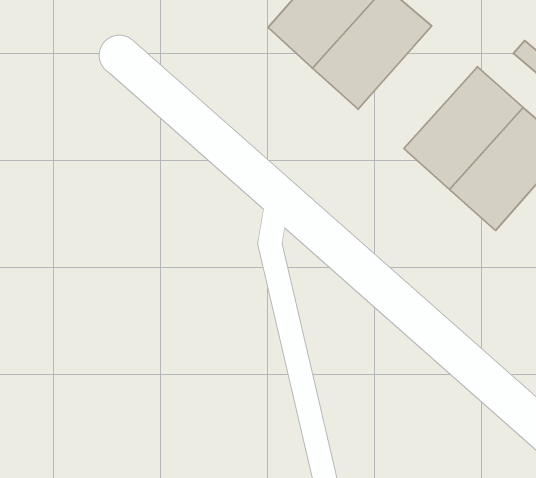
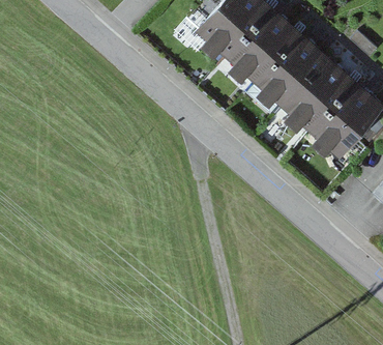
building: none -> [253,30,328,108]

